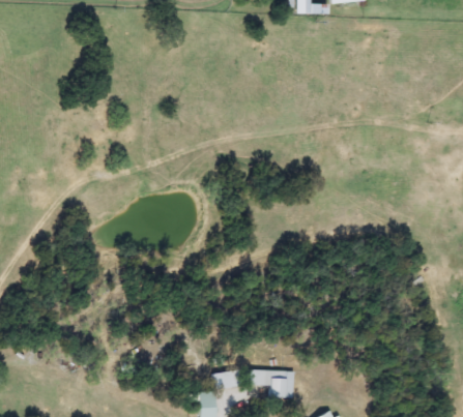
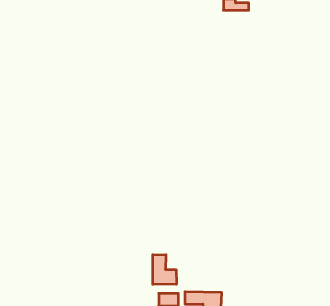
building: none -> [153,255,176,284]

